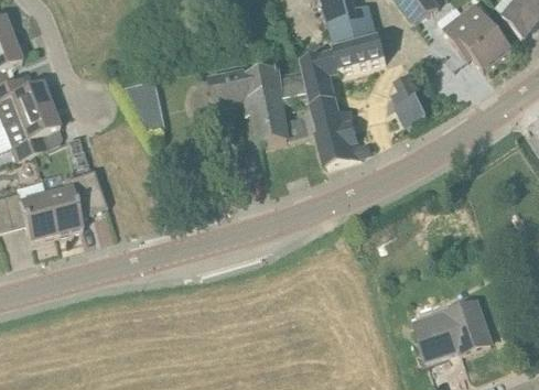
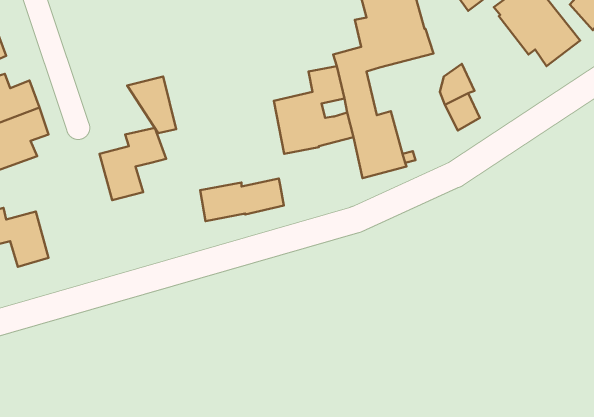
building: [209,68,281,105] -> [200,179,284,221]
building: [44,172,101,234] -> [99,128,166,200]
building: [412,300,489,358] -> none

